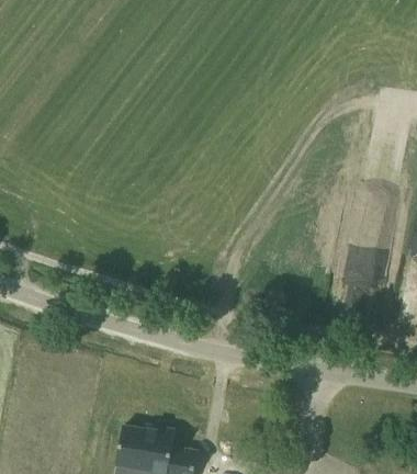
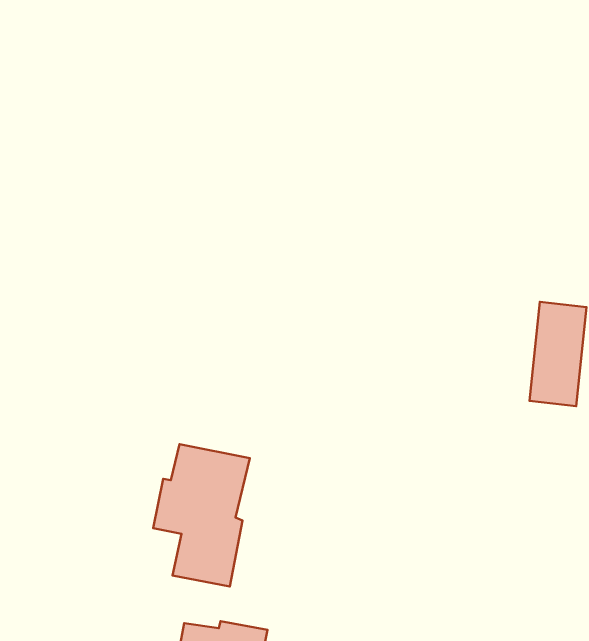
building: none -> [153,444,250,586]

